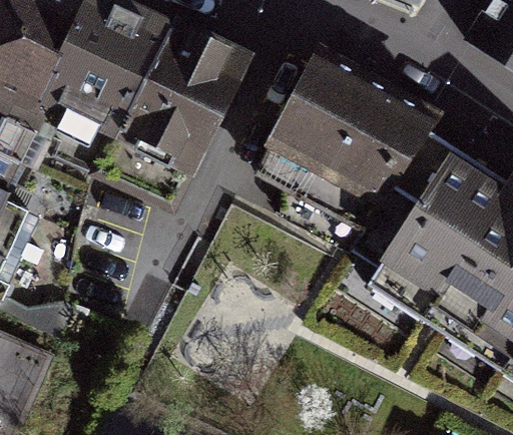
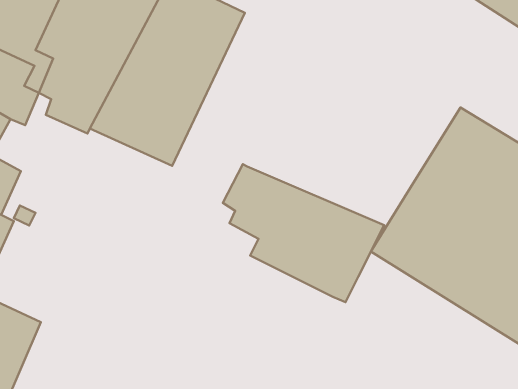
building: [272,63,453,205] -> none
building: none -> [223,164,384,302]

